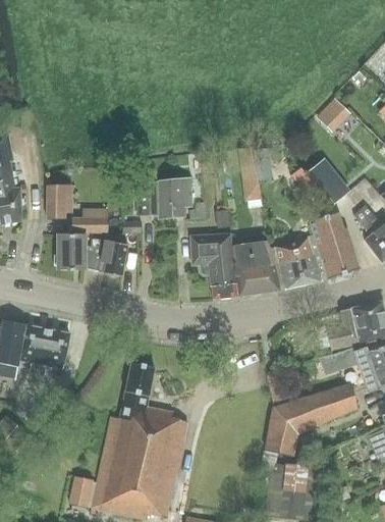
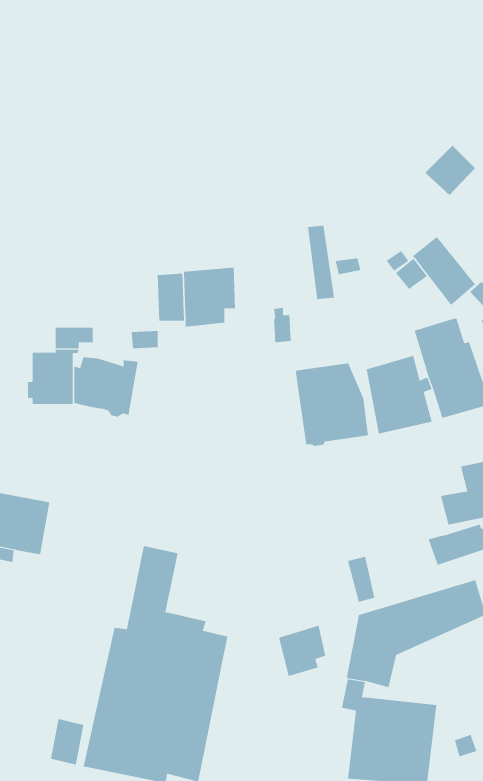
building: [47,184,71,217] -> none
building: [189,231,237,298] -> none
building: none -> [279,625,326,677]

